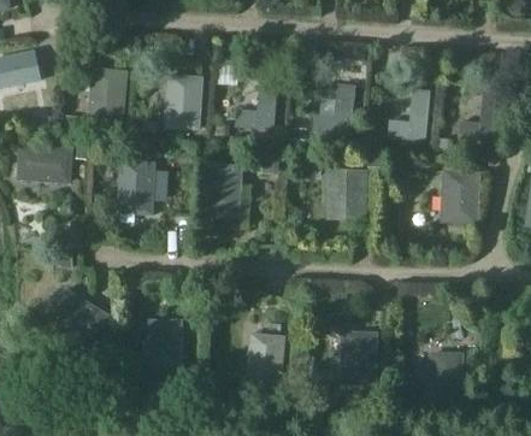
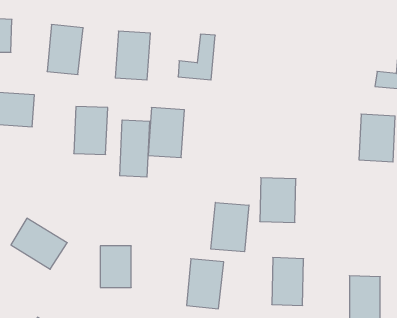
building: [312,82,355,135] -> none
building: [387,87,430,140] -> none
building: [326,167,367,218] -> [260,178,296,222]
building: none -> [120,120,150,177]
building: none -> [211,202,249,252]

